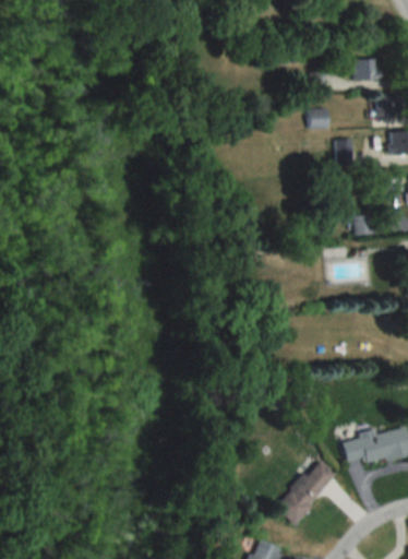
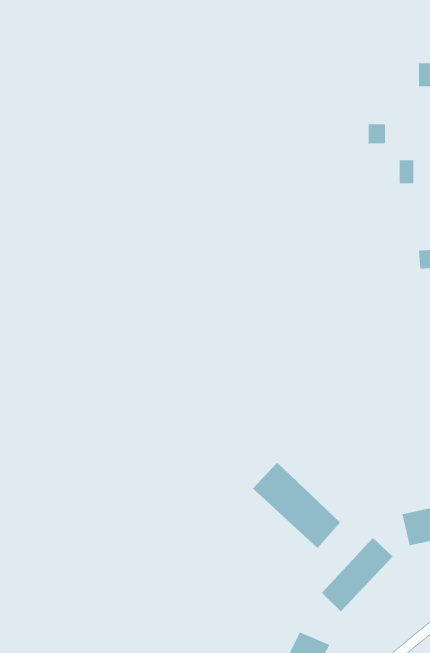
building: none -> [252,462,341,549]

